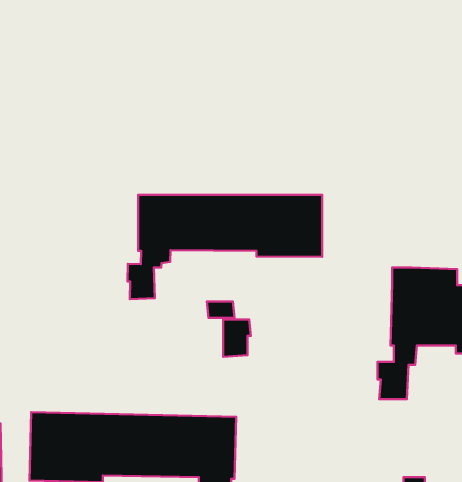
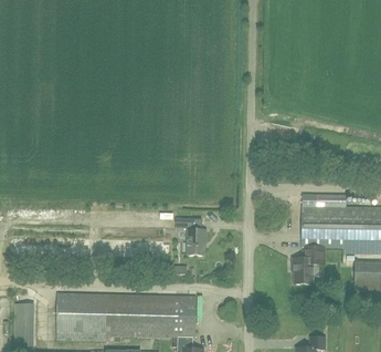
building: [127,195,322,299] -> none

